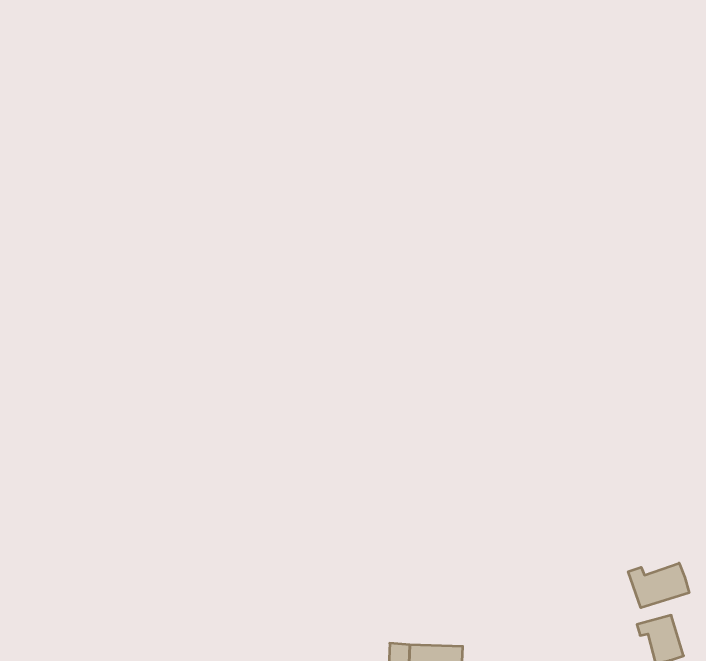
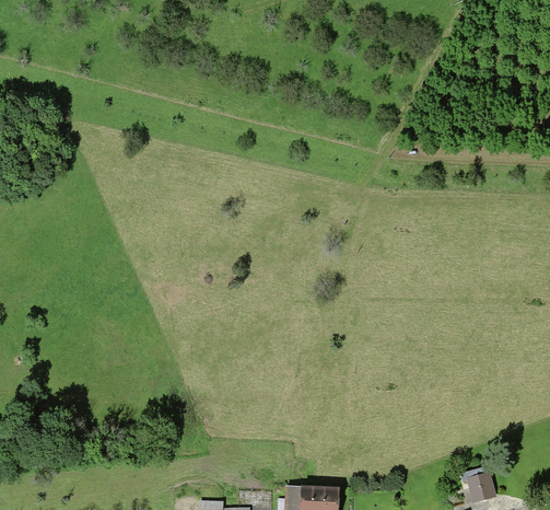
building: [628,563,689,608] -> none

